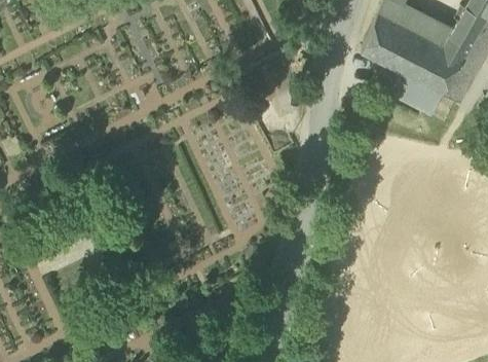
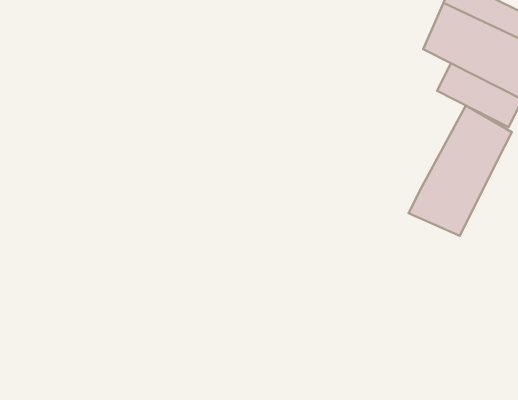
building: none -> [409,105,512,236]

